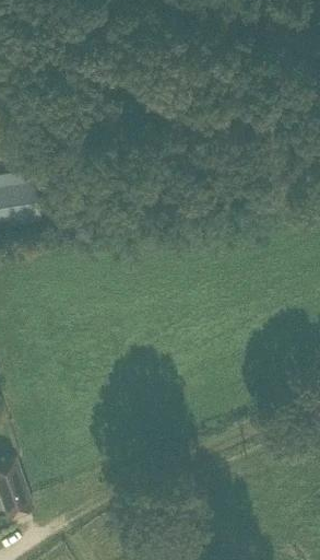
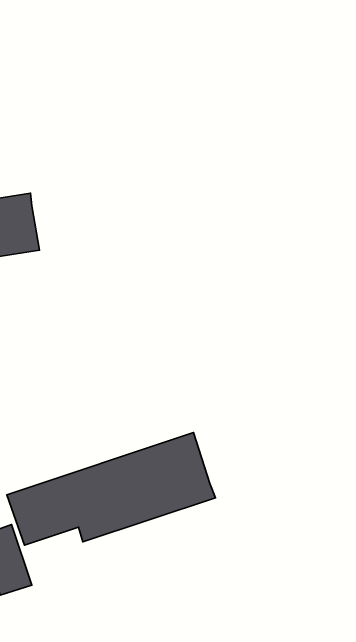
building: none -> [7,433,215,545]

